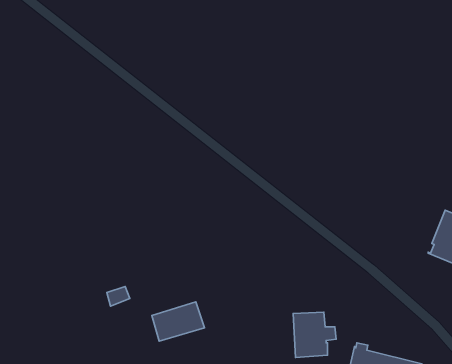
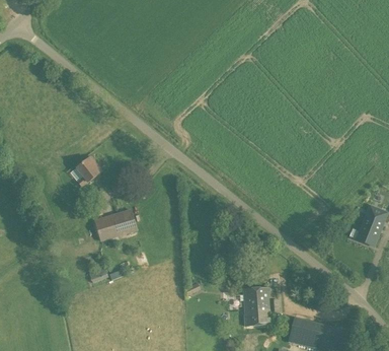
building: none -> [76,156,103,187]
building: [152,302,204,341] -> [94,209,138,241]

